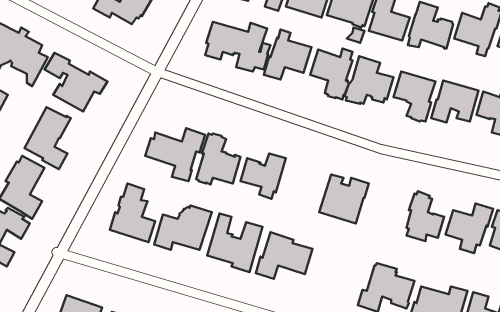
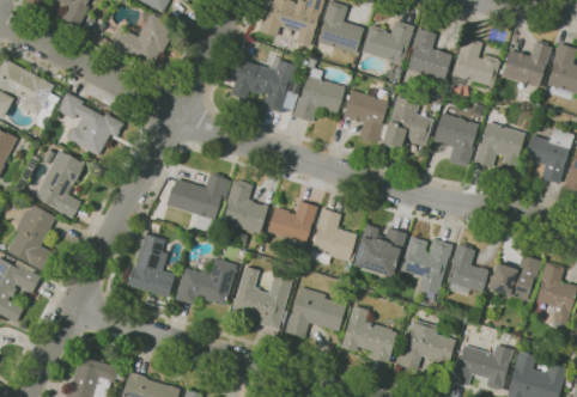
building: none -> [308,207,356,264]
building: none -> [400,236,453,293]
building: none -> [341,305,397,361]

